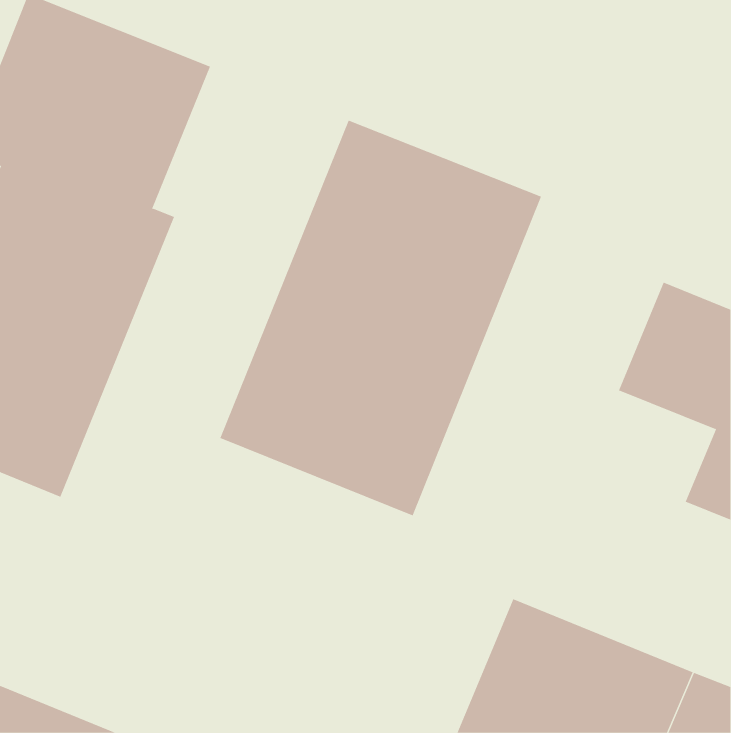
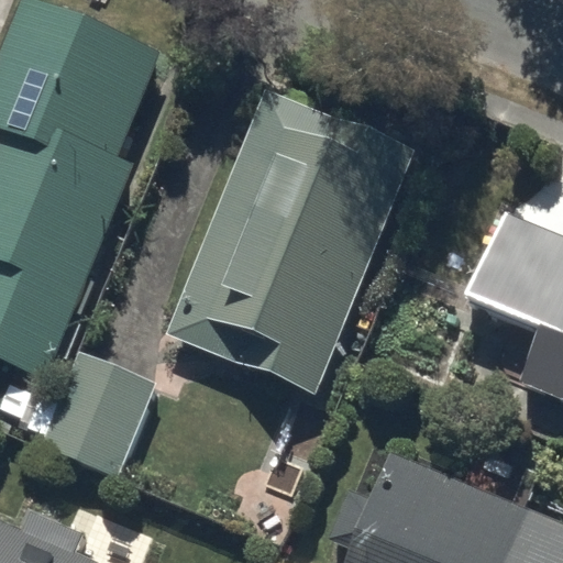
building: none -> [41,353,154,476]

